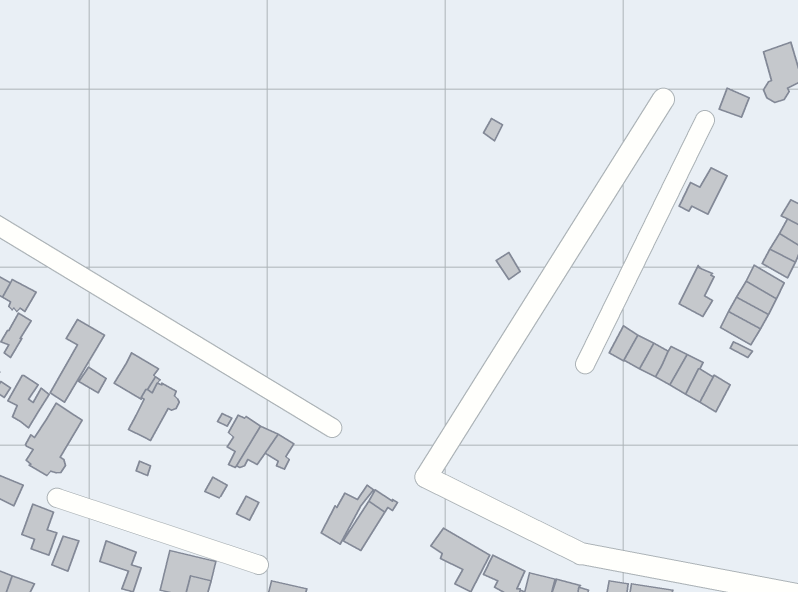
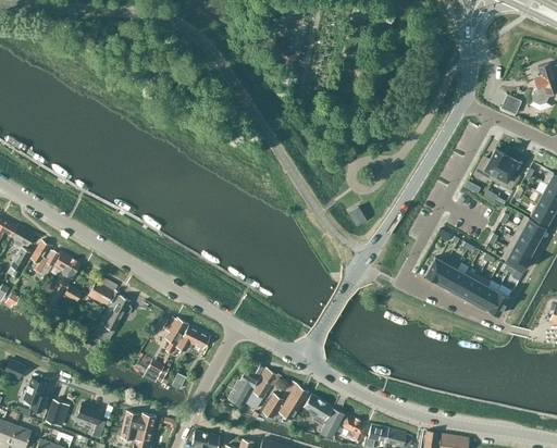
building: [679,266,714,317] -> [493,155,517,190]
building: [8,375,49,428] -> [30,242,59,278]
building: [26,403,82,476] -> none
building: none -> [262,385,309,421]

